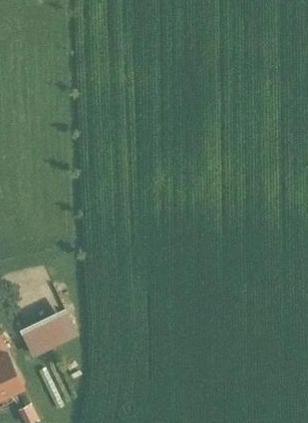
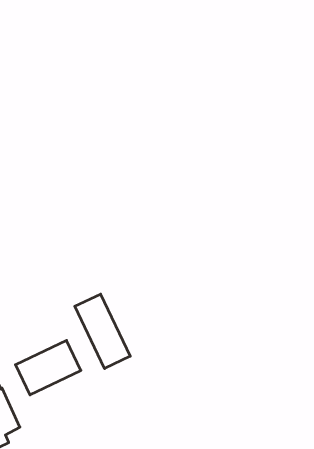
building: none -> [75,294,130,369]

